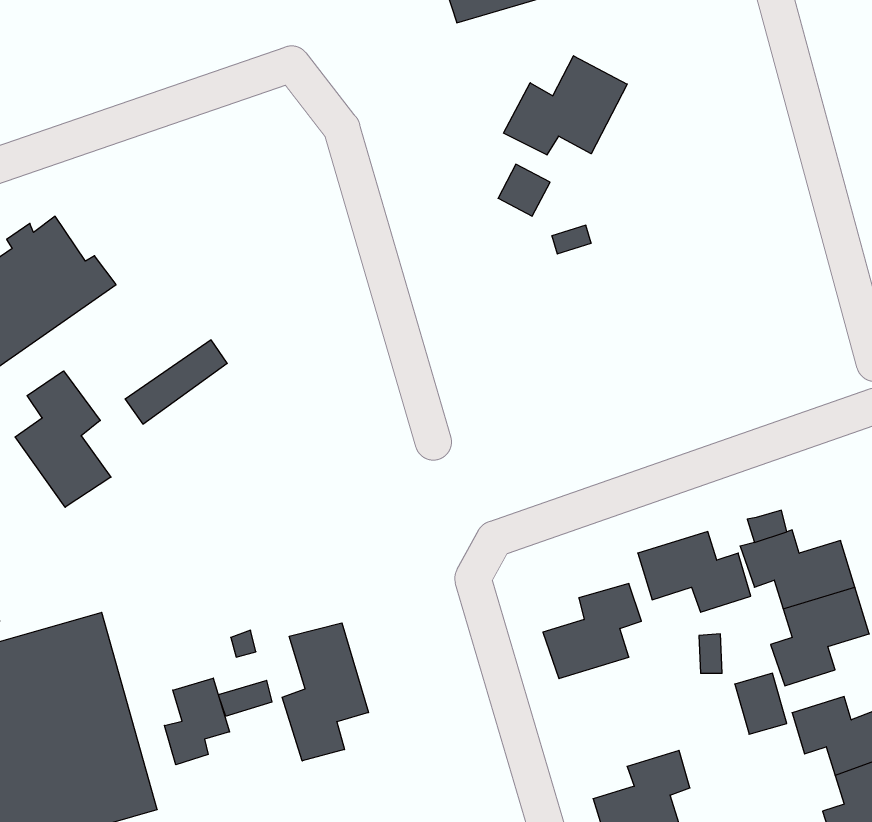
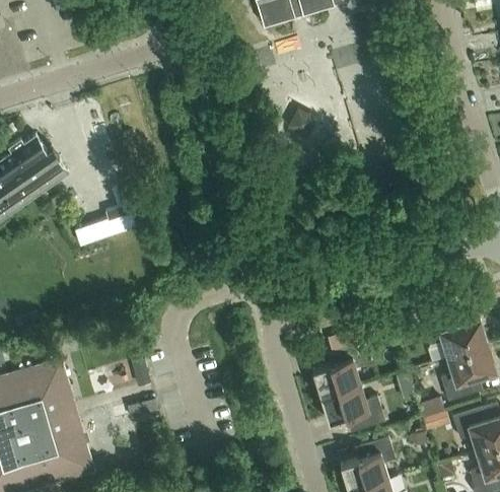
building: [504,56,627,155] -> none
building: [15,371,111,507] -> none
building: [638,532,751,612] -> [320,384,384,430]
building: [282,623,368,761] -> none
building: [164,678,230,765] -> none

